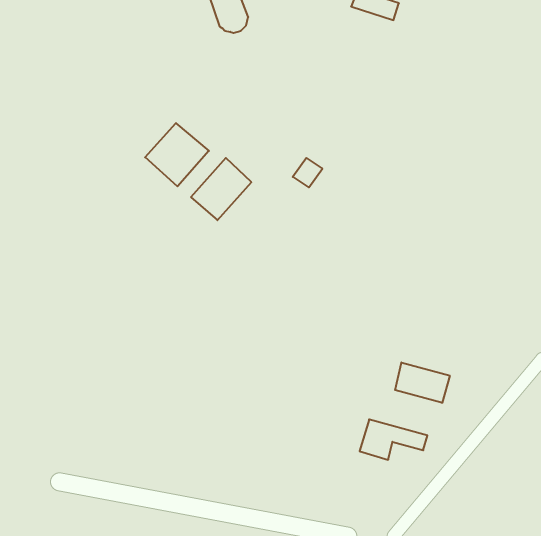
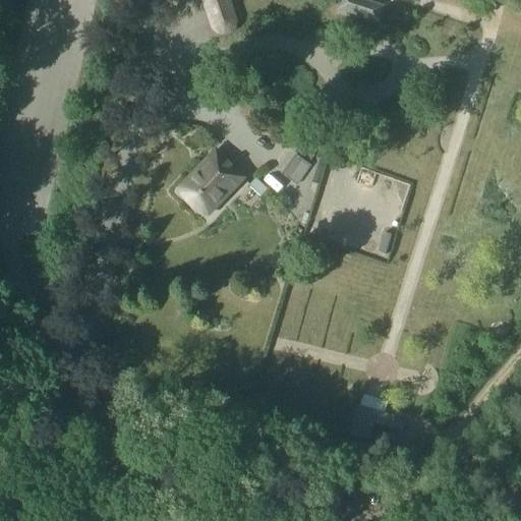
building: [145,123,209,186] -> none
building: [395,362,450,403] -> none

